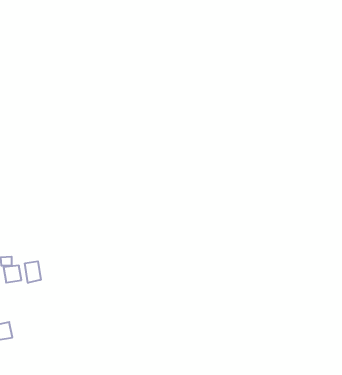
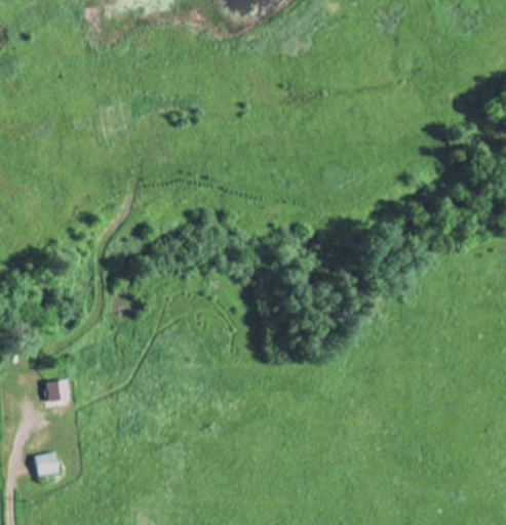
building: [25,261,41,283] -> none

